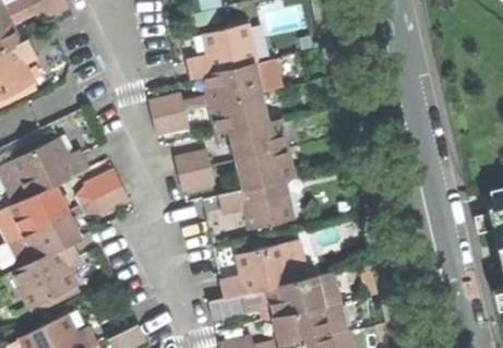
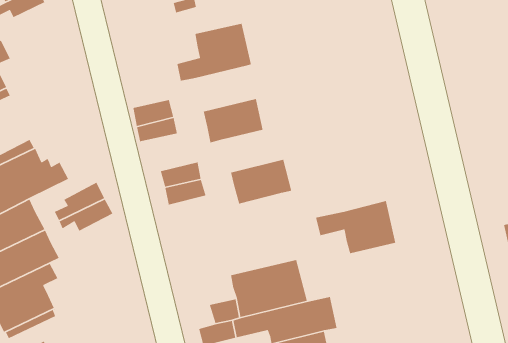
building: [205,63,262,105] -> none
building: [231,120,287,160] -> none
building: [219,180,294,229] -> [315,200,396,254]

